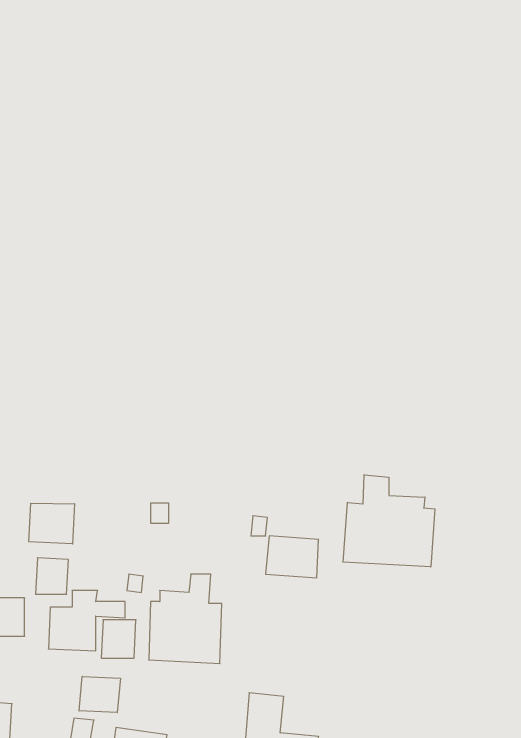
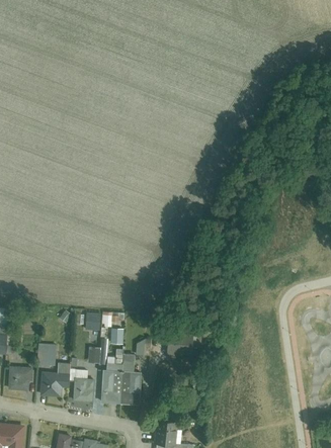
building: [343,475,435,567] -> none
building: [29,503,75,544] -> none
building: [79,676,120,713] -> none

